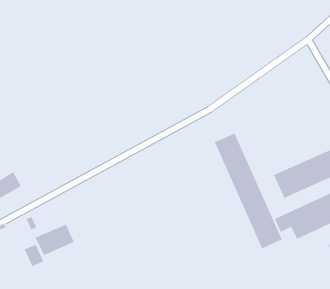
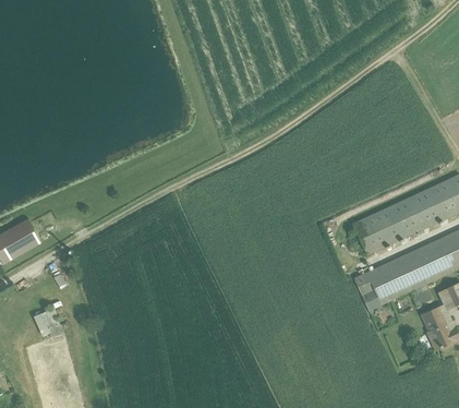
building: [214,133,283,249] -> none
building: [35,224,75,256] -> none

